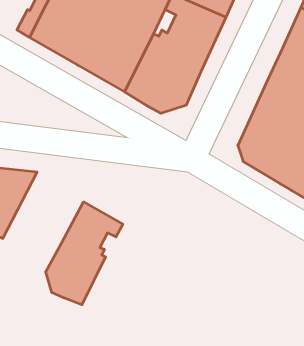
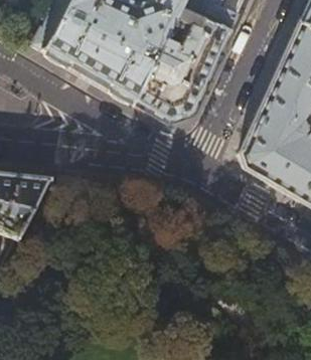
building: [46,202,123,305] -> none

